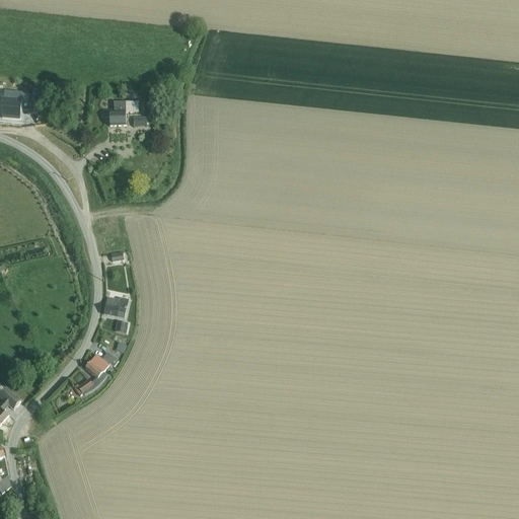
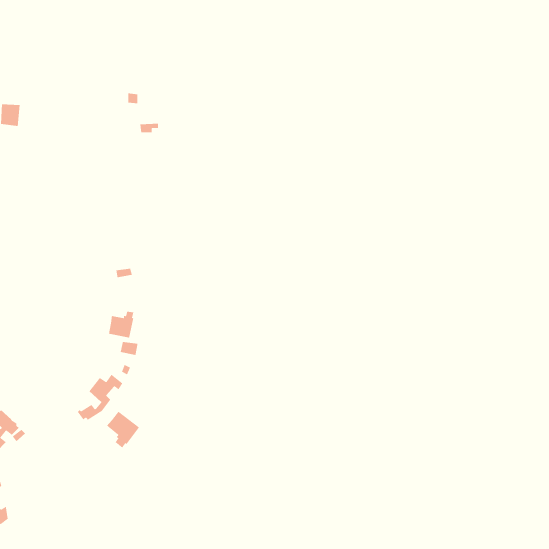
building: [101,100,136,125] -> none
building: none -> [106,411,140,448]

